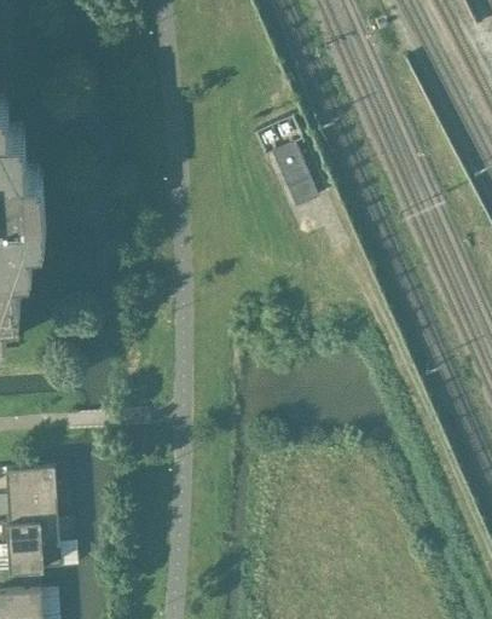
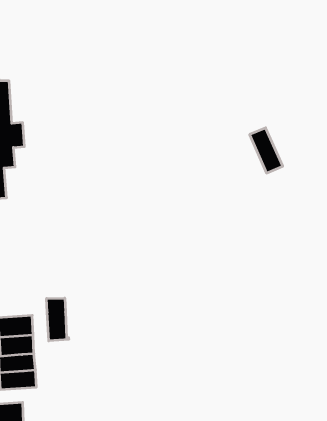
building: [271,144,318,208] -> [250,128,283,173]
building: none -> [47,298,69,341]

